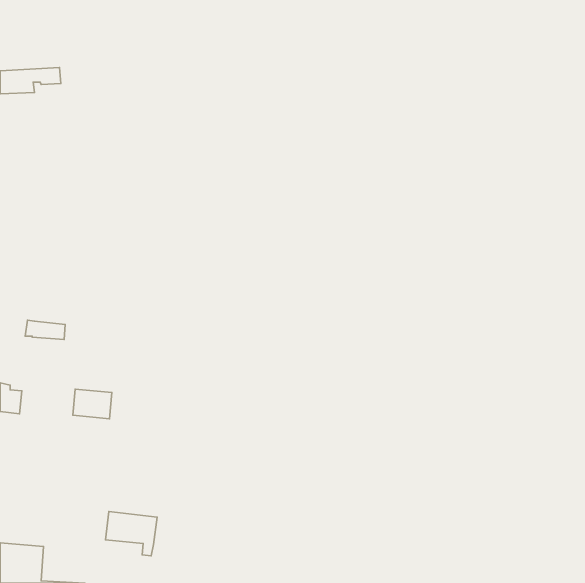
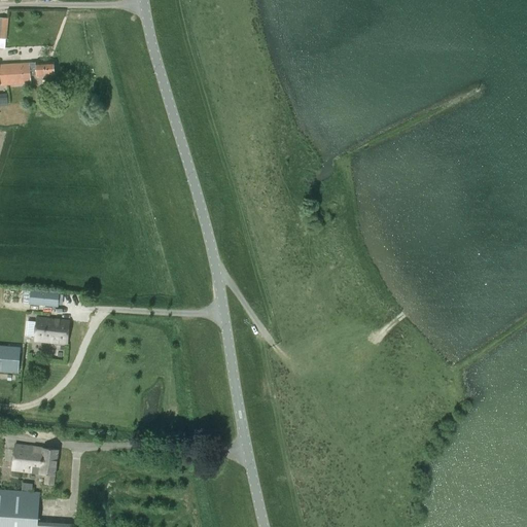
building: [73,389,112,419] -> [34,317,69,344]
building: [106,511,157,556] -> [11,445,58,485]

